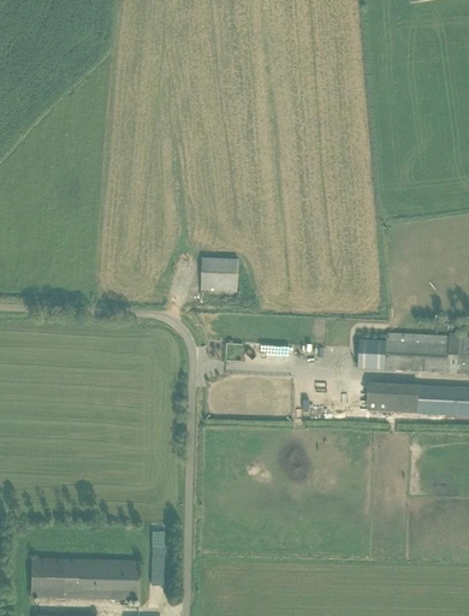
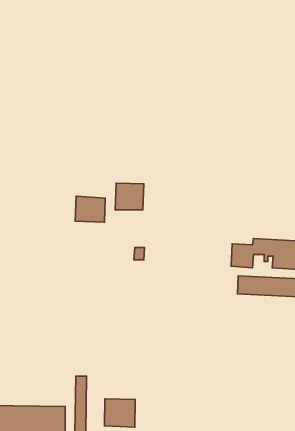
building: none -> [75,196,105,222]
building: none -> [105,399,135,427]

